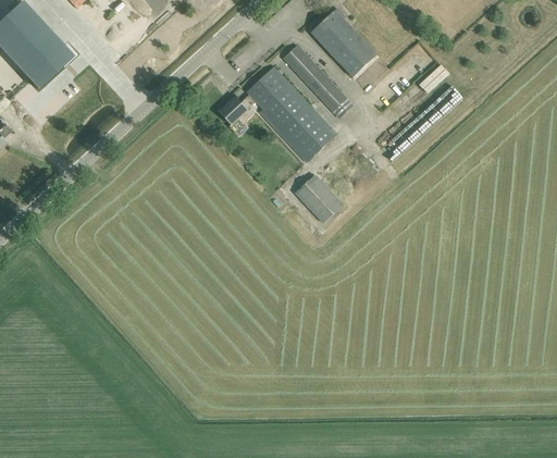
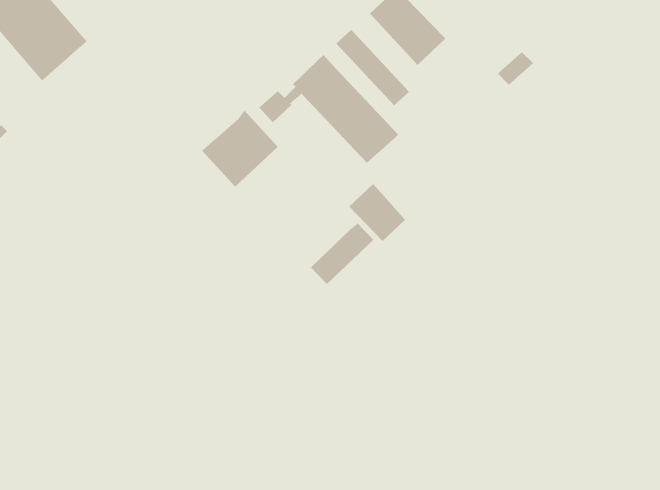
building: none -> [201,110,279,188]
building: none -> [310,222,374,285]

